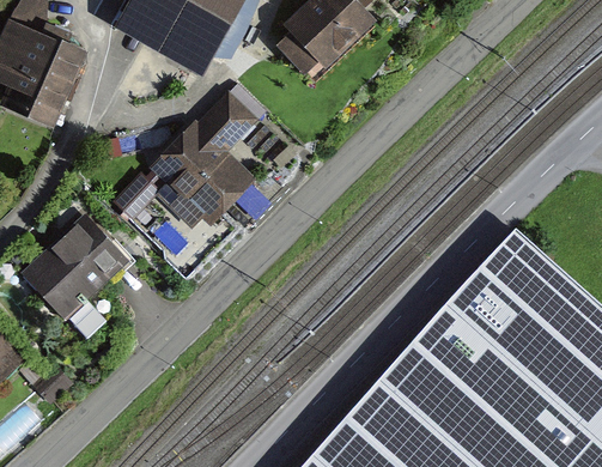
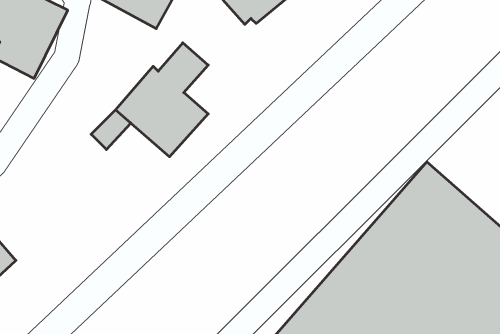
building: [22,216,128,321] -> none

